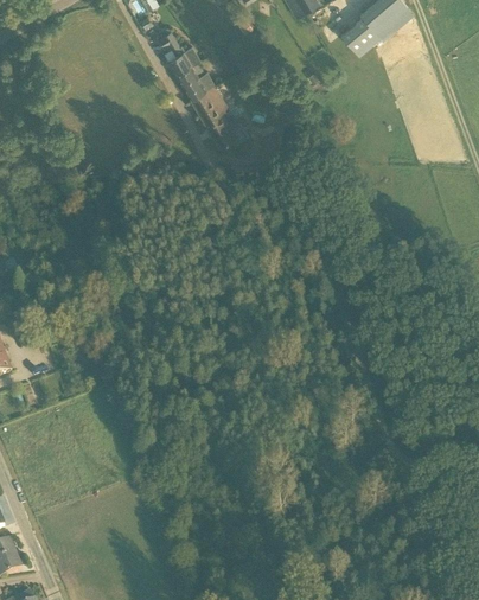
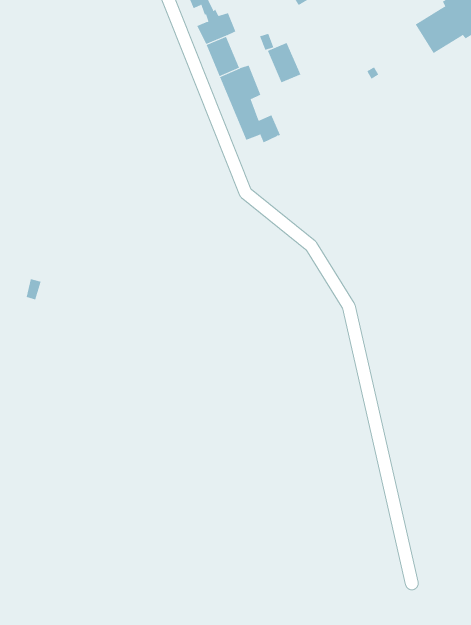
building: none -> [267,42,301,83]

